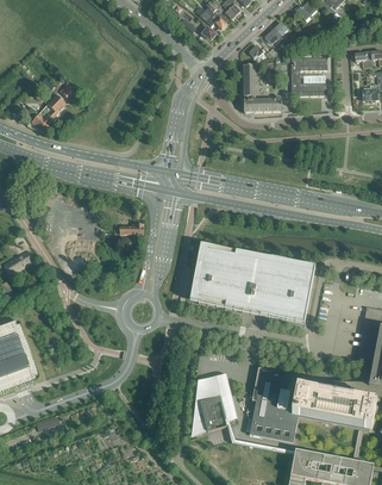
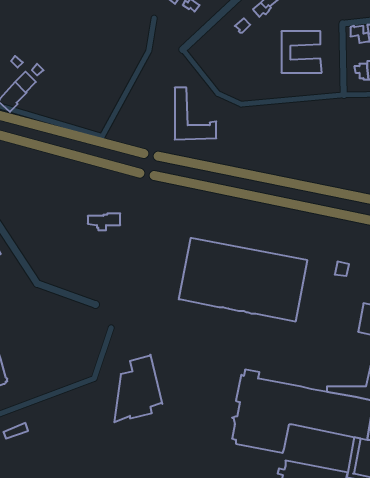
building: [244,63,282,111] -> [175,88,216,140]
building: [193,372,237,434] -> [114,355,162,422]

